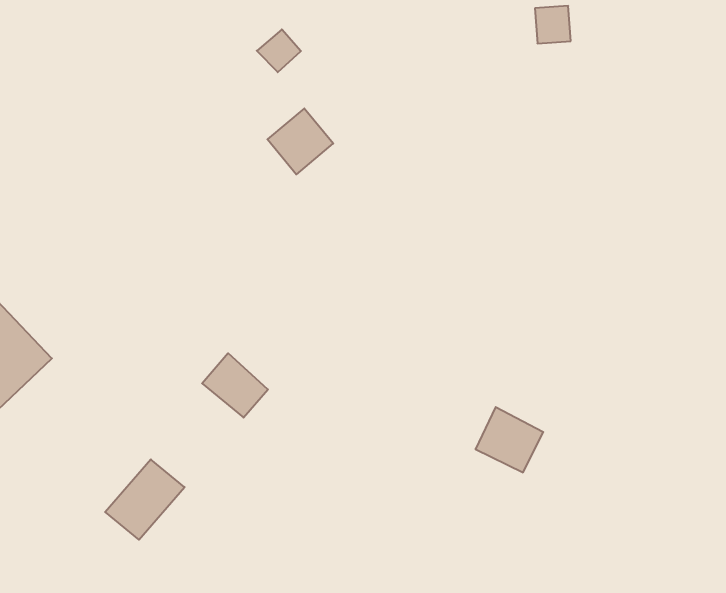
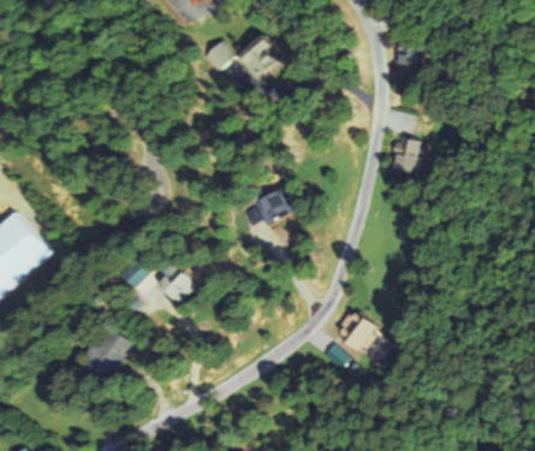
building: [267,108,333,174] -> [237,35,281,79]
building: none -> [391,137,421,173]
building: none -> [252,186,295,226]

